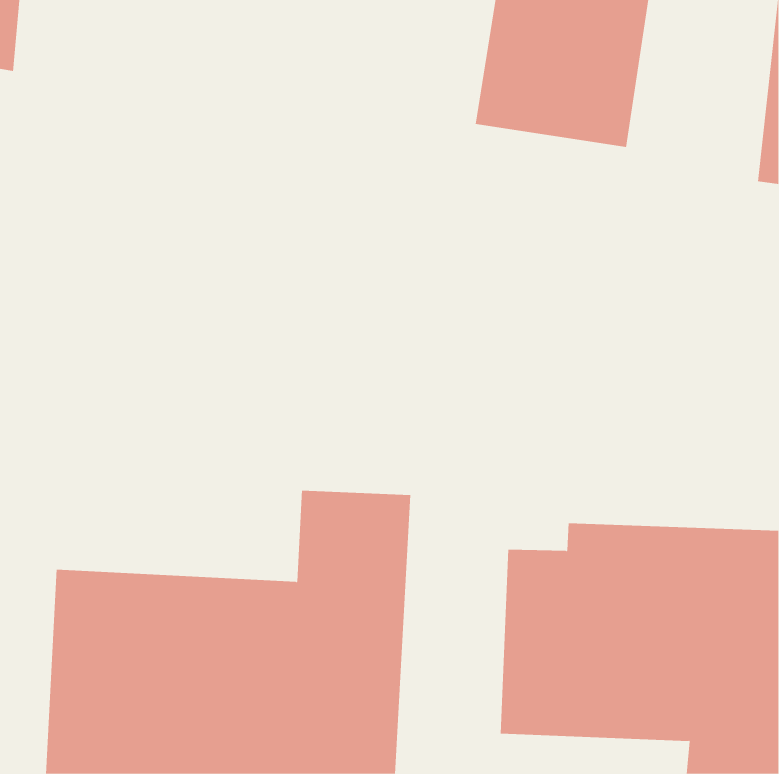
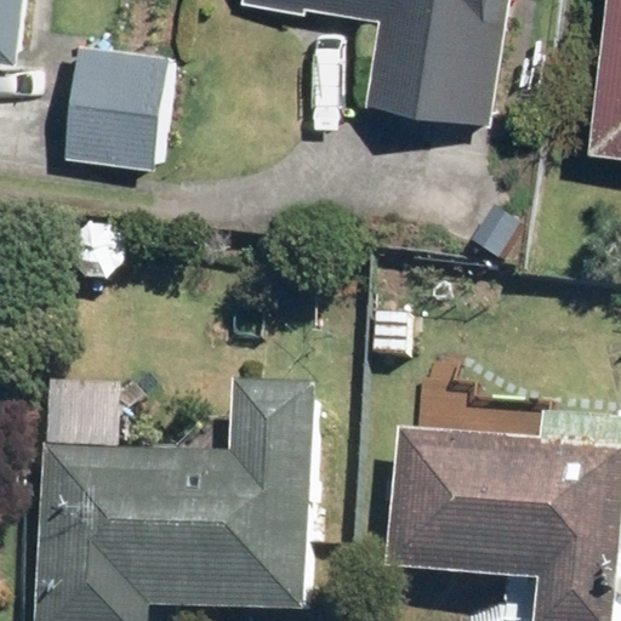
building: none -> [50,29,192,163]

